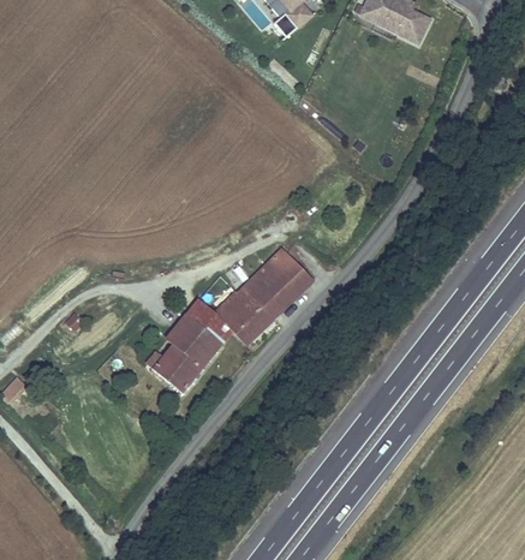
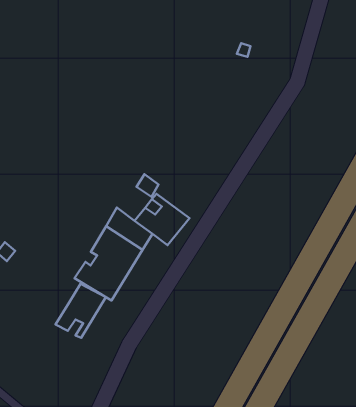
building: [243,248,314,318] -> none
building: none -> [56,284,106,338]

